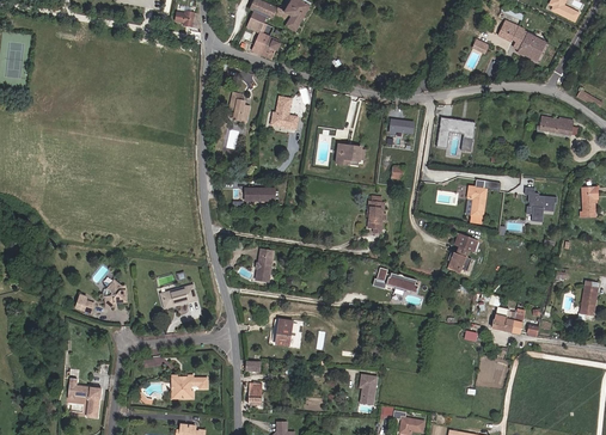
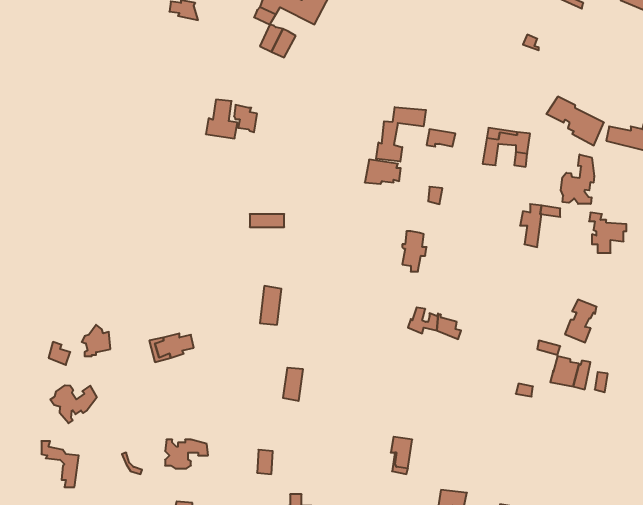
building: [495,19,543,60] -> [546,97,604,145]
building: [274,99,300,131] -> [206,100,237,138]
building: none -> [376,107,426,162]
building: none -> [561,154,594,204]
building: [451,234,477,270] -> [565,300,597,343]
building: none -> [50,385,97,423]

